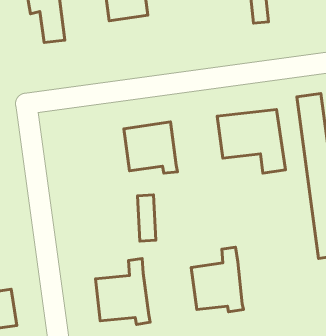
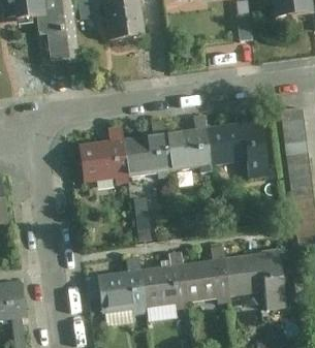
building: none -> [165,114,213,172]
building: none -> [80,125,129,184]
building: none -> [140,250,190,309]
building: none -> [226,251,287,310]

